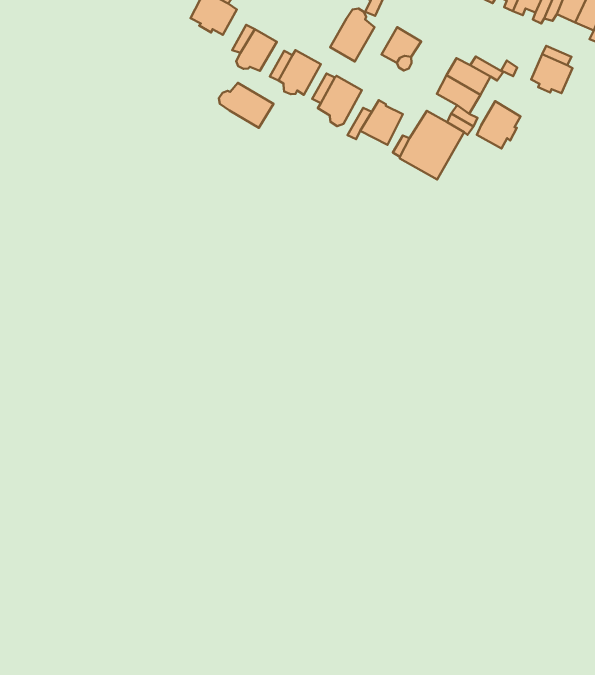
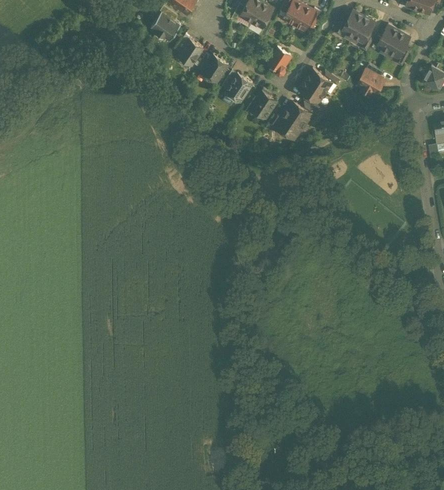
building: [330,9,374,62] -> none
building: [219,83,273,128] -> none
building: [477,101,520,149] -> none

